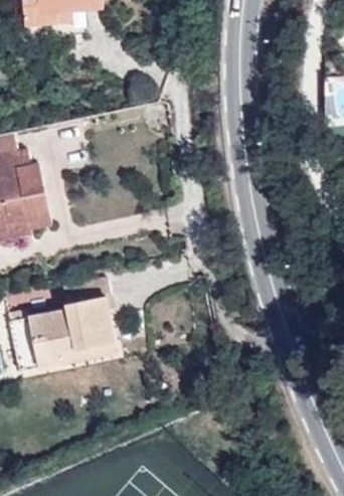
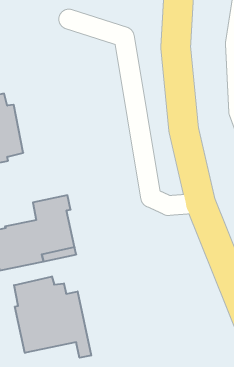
building: none -> [14,276,91,358]

